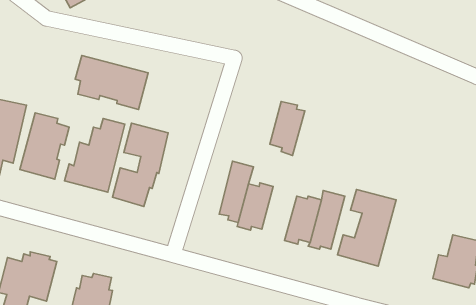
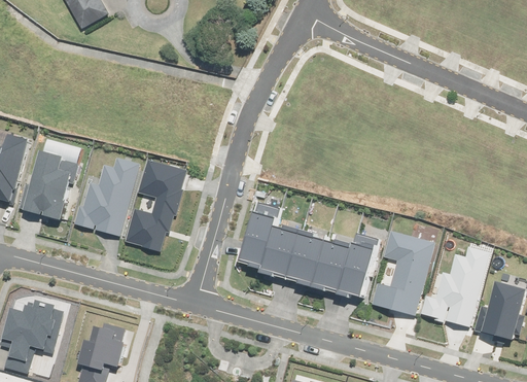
building: [75,56,148,110] -> none
building: [270,101,305,155] -> [287,229,325,287]
building: none -> [420,245,489,326]

